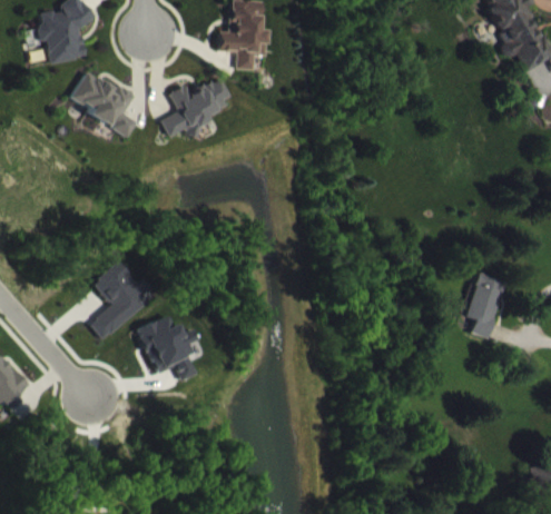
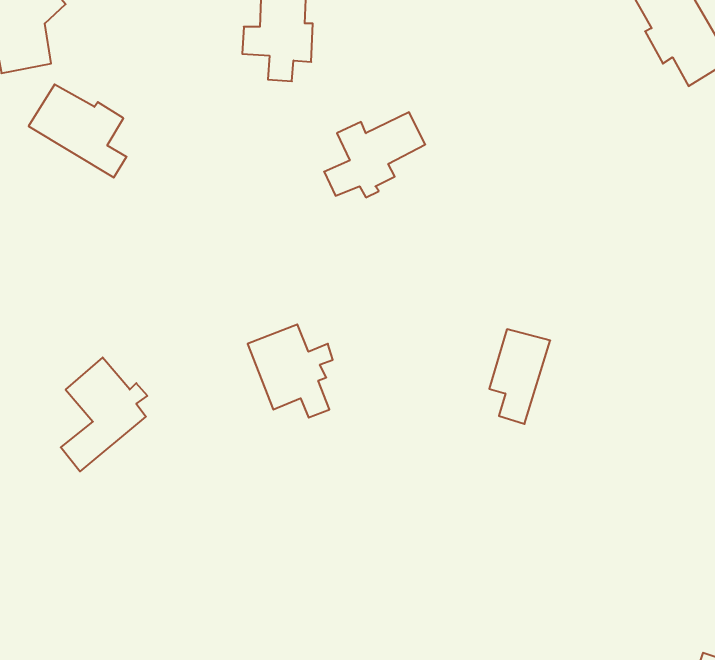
building: [159,78,229,137] -> [324,112,425,197]
building: [464,273,506,338] -> [489,329,550,424]
building: [137,315,196,379] -> [248,324,333,418]

